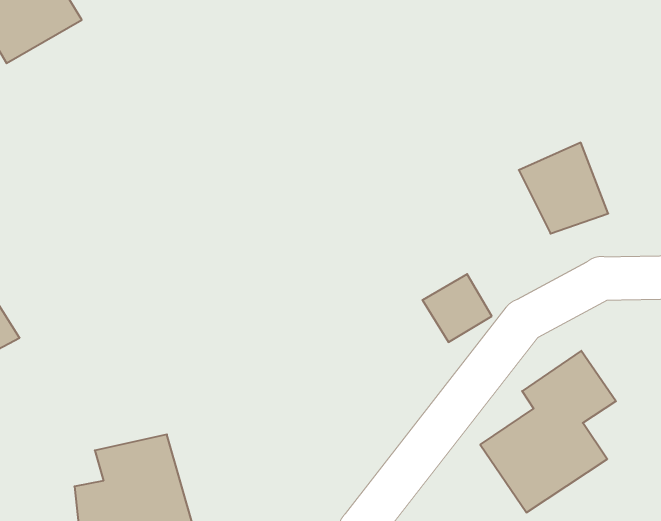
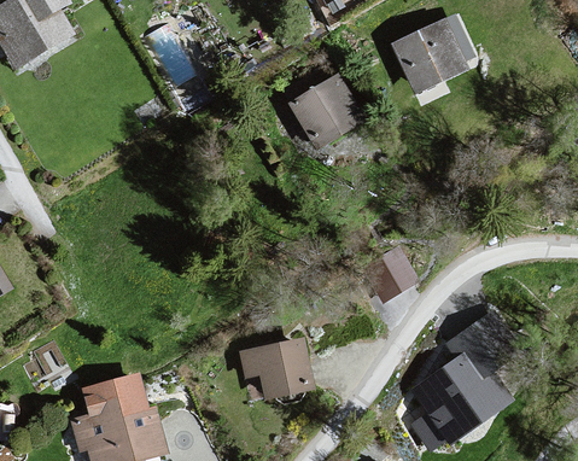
building: none -> [288,76,369,156]
building: [519,143,608,234] -> [391,22,466,98]
building: none -> [237,334,313,401]

